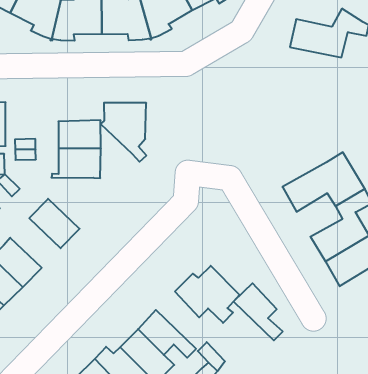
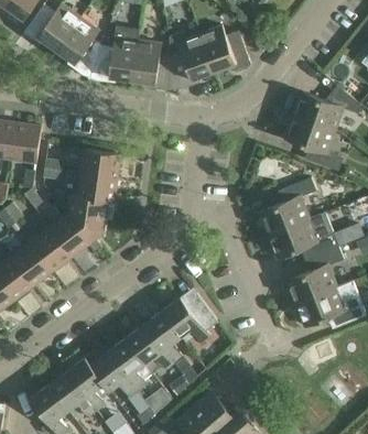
building: none -> [284,115,344,171]
building: [101,103,146,162] -> [65,196,107,251]
building: none -> [258,176,315,234]
building: none -> [28,228,69,272]
building: [233,283,283,340] -> [143,310,182,361]

